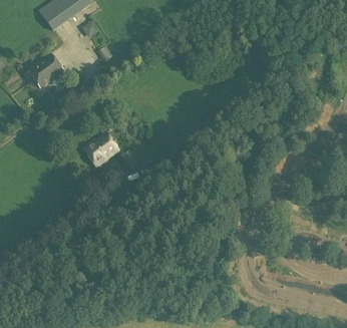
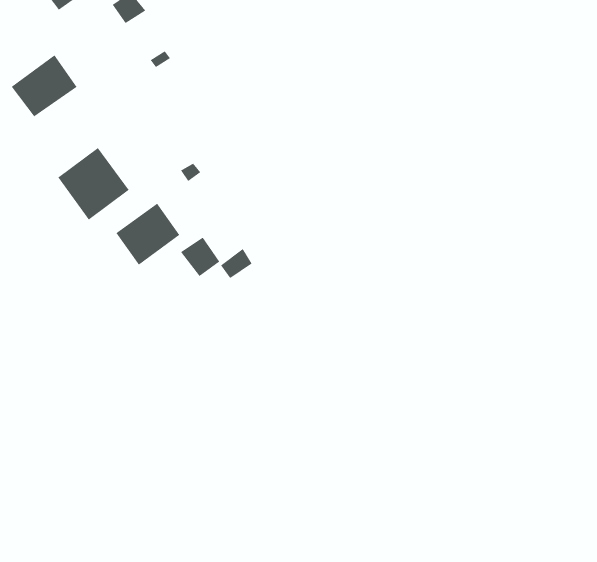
building: none -> [57,147,129,220]

